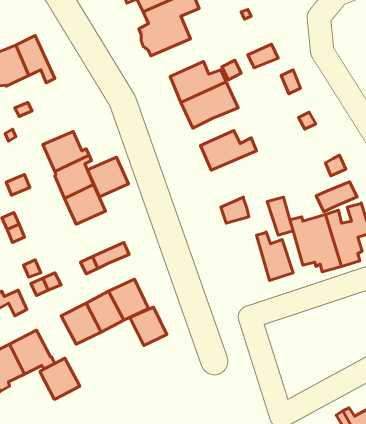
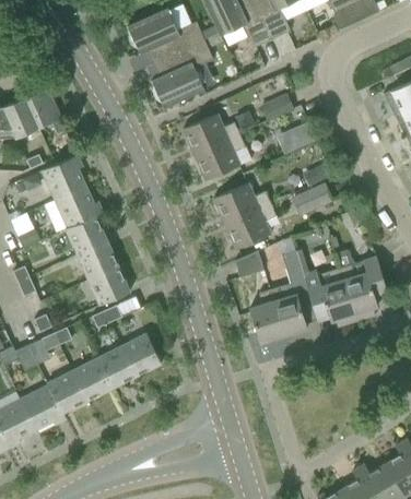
building: none -> [42,155,84,198]
building: none -> [224,204,275,250]
building: [88,157,128,197] -> [87,265,129,306]
building: [316,182,357,212] -> [291,185,332,215]
building: none -> [249,289,283,342]
building: [130,307,167,346] -> none
building: [40,358,80,399] -> [47,371,87,413]

